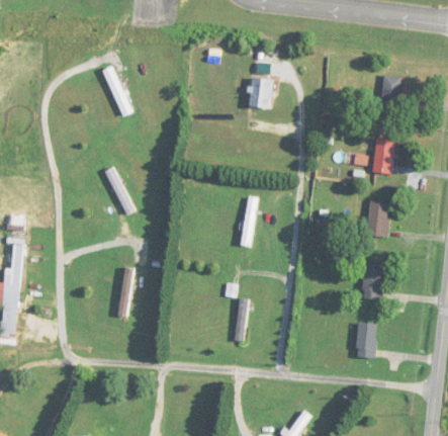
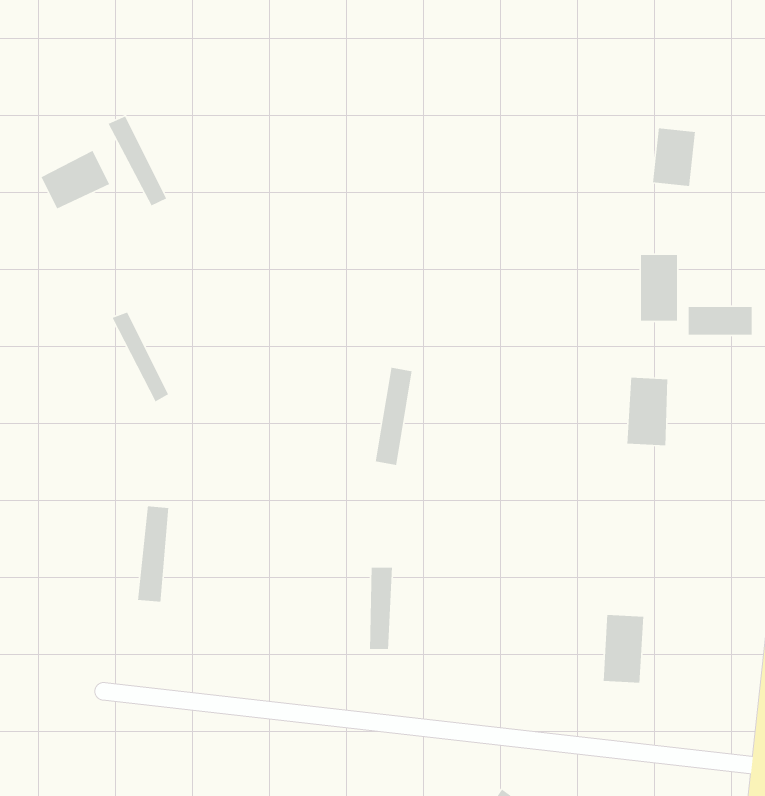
building: [246,76,275,109] -> none
building: none -> [40,150,110,210]
building: none -> [688,306,753,335]
building: [363,264,382,298] -> none

